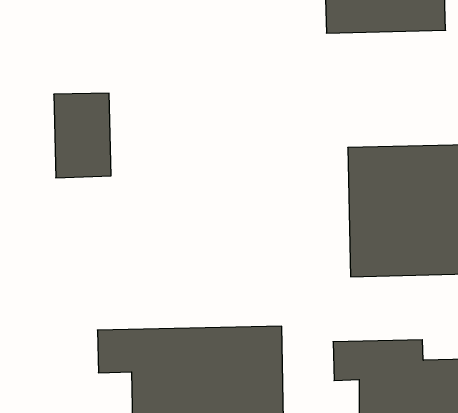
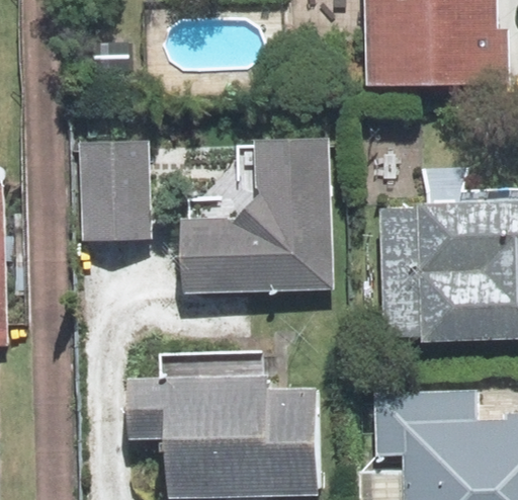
building: none -> [182,151,329,290]

